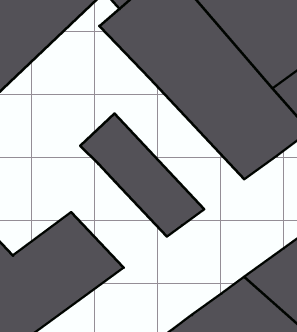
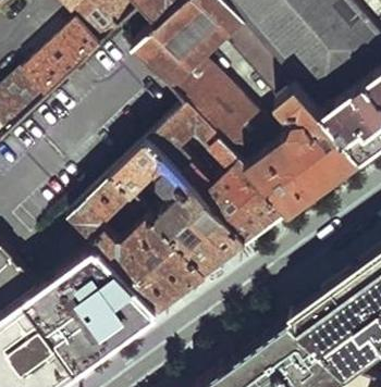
building: none -> [150,102,291,244]
building: none -> [74,175,207,307]

